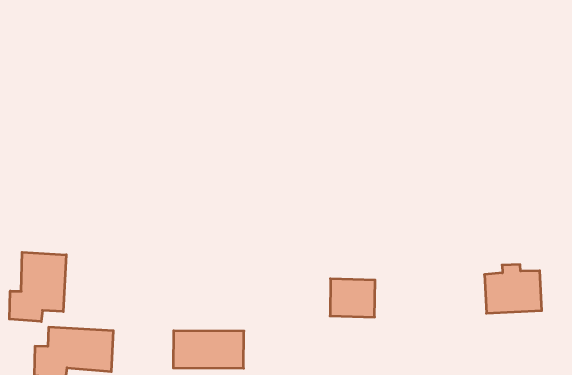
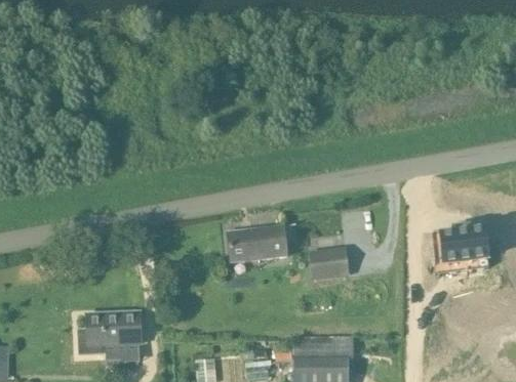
building: [9,252,66,322] -> none
building: [173,331,244,368] -> [228,226,287,262]

